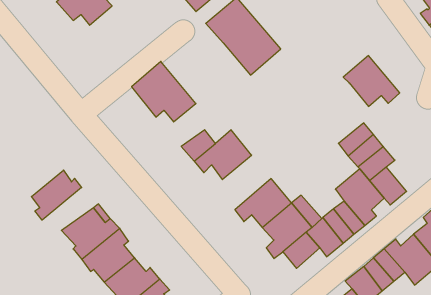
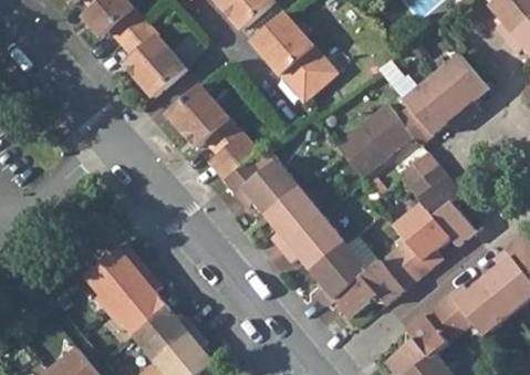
building: none -> [116,19,181,94]
building: none -> [433,53,488,117]
building: none -> [335,102,433,177]
building: none -> [204,129,257,178]
building: none -> [267,188,322,250]
building: [31,170,82,220] -> none

